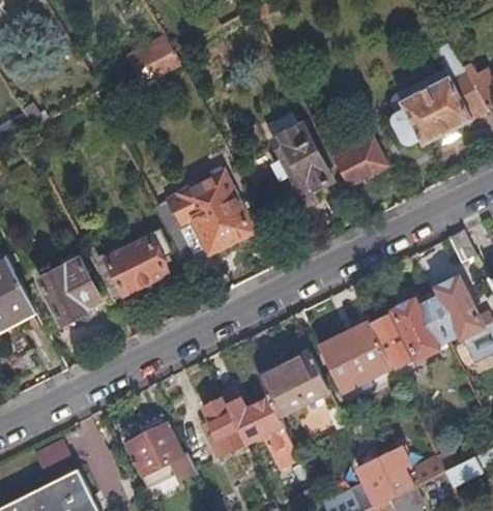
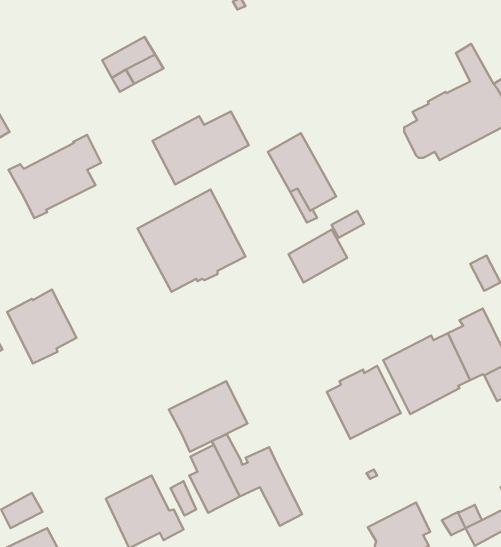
building: none -> [153,111,249,184]
building: [332,139,384,185] -> [288,230,347,282]
building: [90,229,172,302] -> [8,135,101,218]
building: [260,352,329,414] -> [169,381,247,452]

